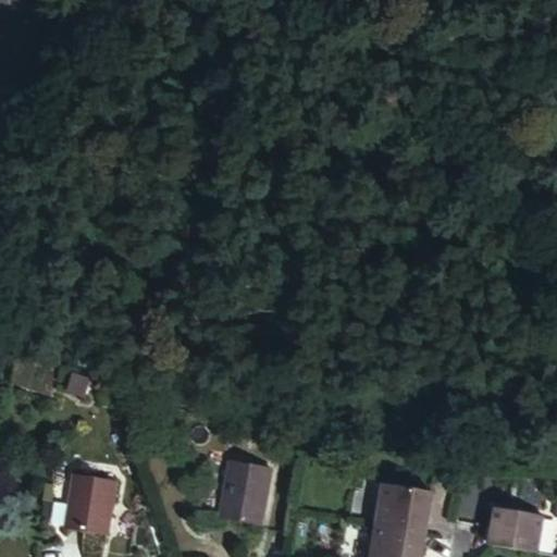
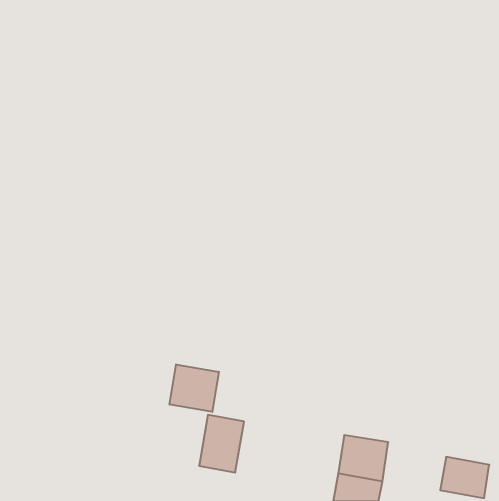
building: none -> [170,364,219,412]
building: [66,473,115,534] -> none

